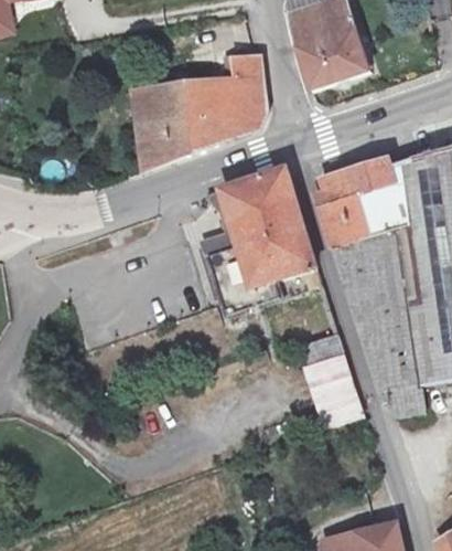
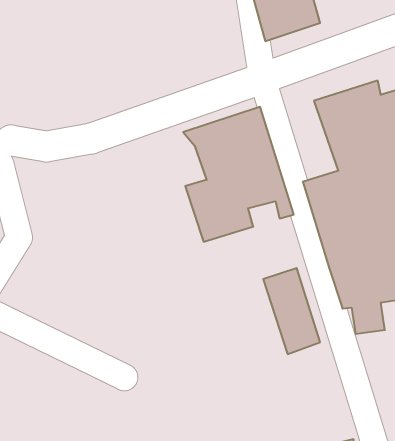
building: [125,59,255,169] -> none
building: [329,160,381,248] -> none

